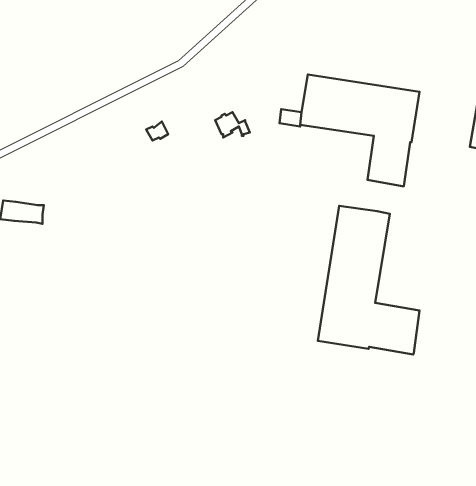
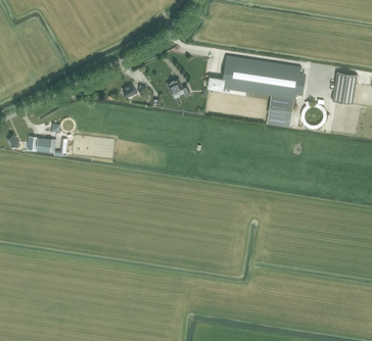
building: [318,206,419,355] -> none

